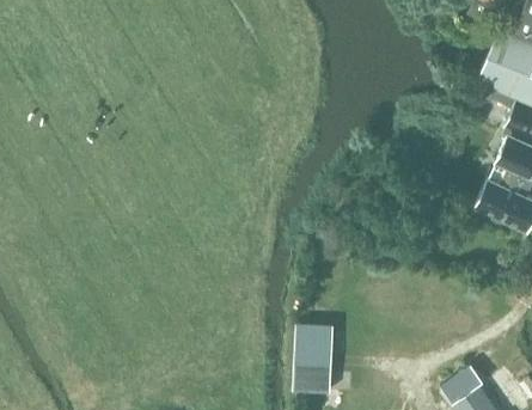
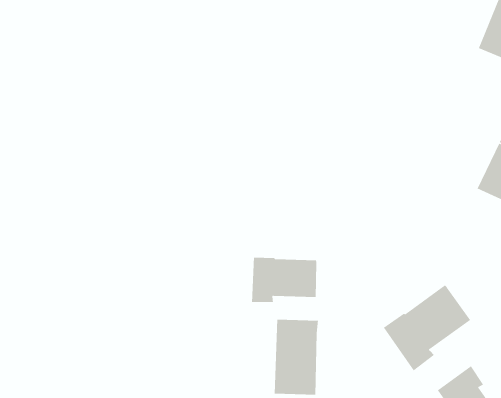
building: none -> [251,257,317,303]
building: none -> [383,285,471,371]

